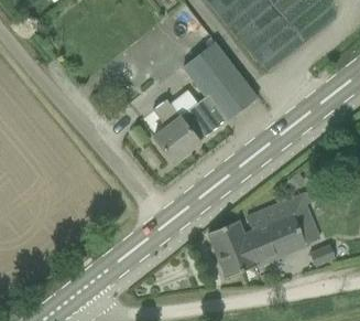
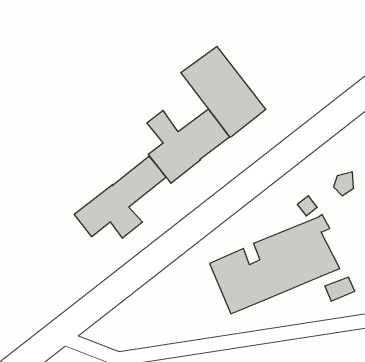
building: none -> [74,156,166,238]

